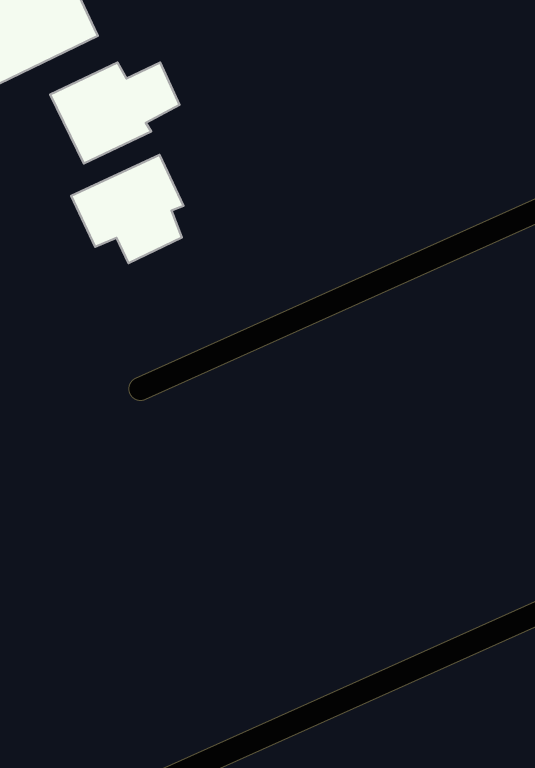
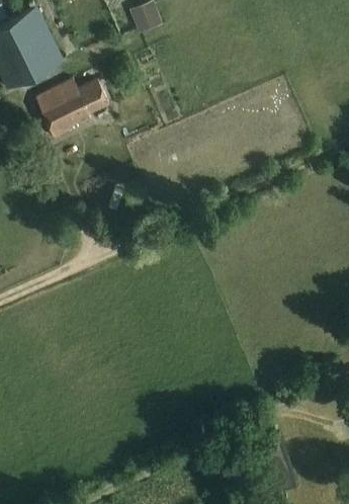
building: [71,155,184,263] -> none

